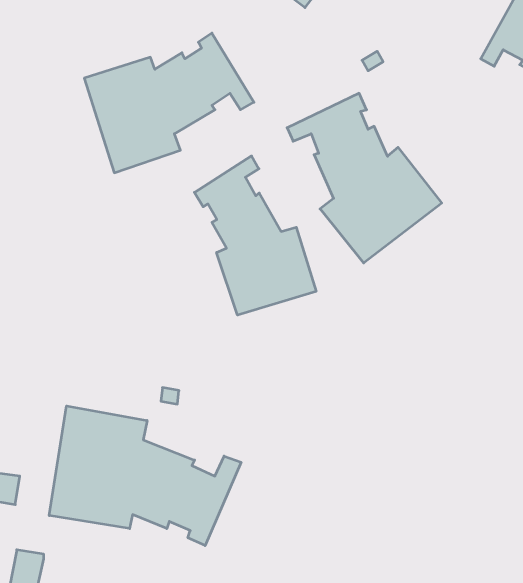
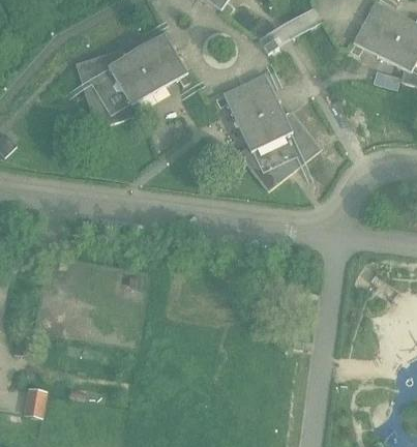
building: [194,156,316,315] -> none
building: [49,406,241,546] -> none

